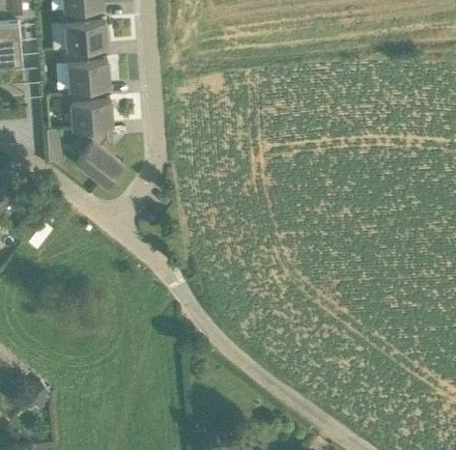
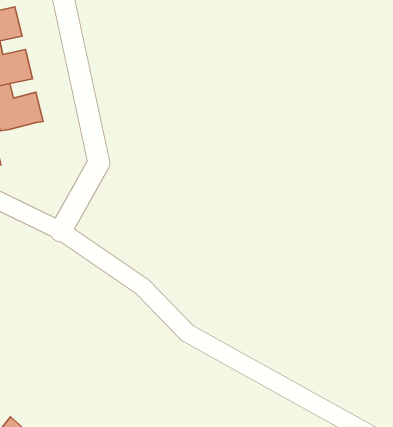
building: [75,128,122,188] -> none

